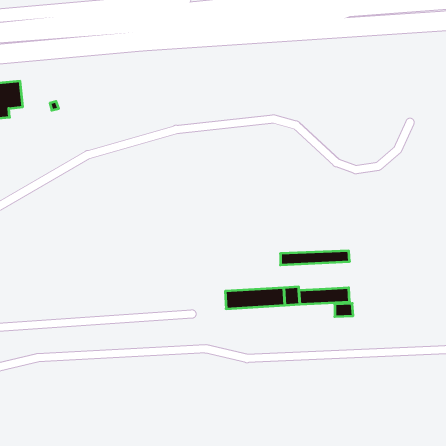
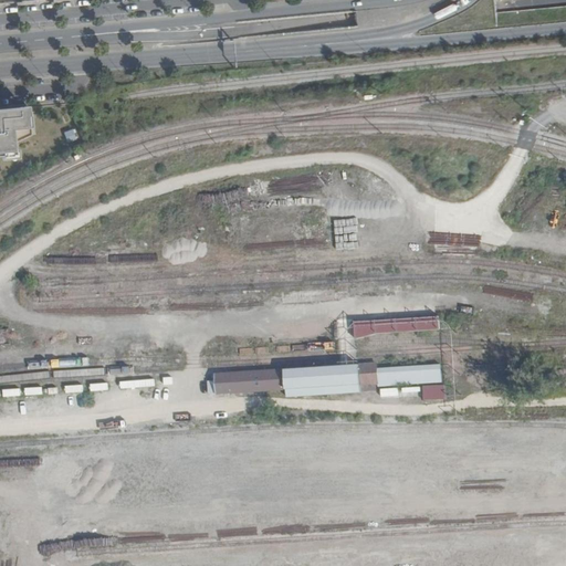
building: none -> [213,368,285,395]

